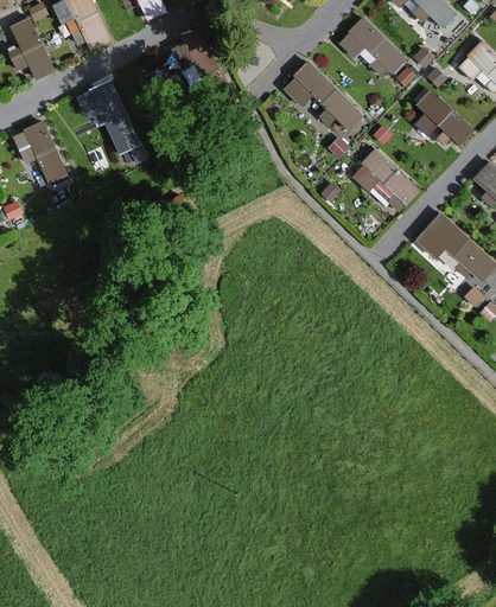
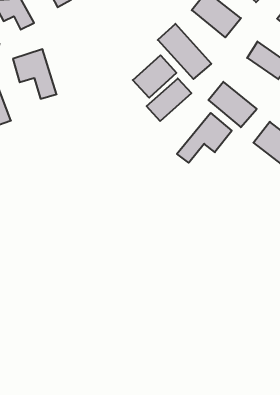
building: none -> [133,55,176,98]
building: none -> [147,78,191,121]
building: none -> [177,113,232,163]

